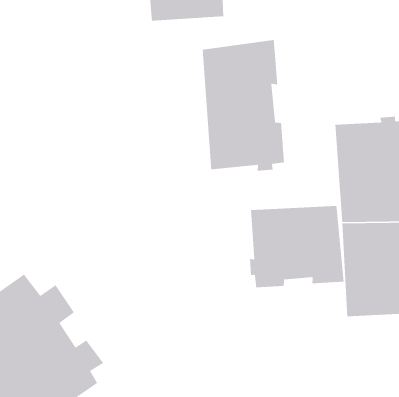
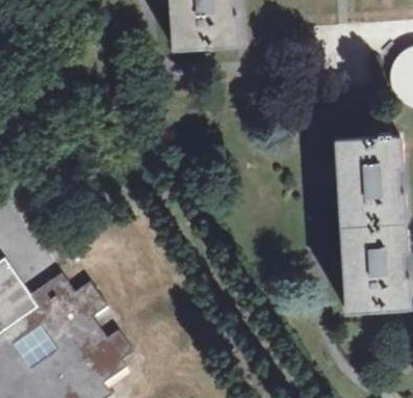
building: [202,39,285,171] -> none
building: [249,205,345,288] -> none

